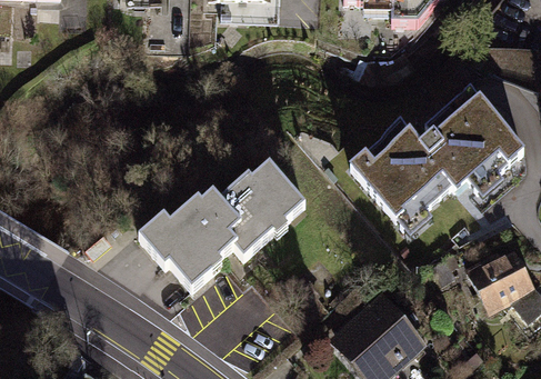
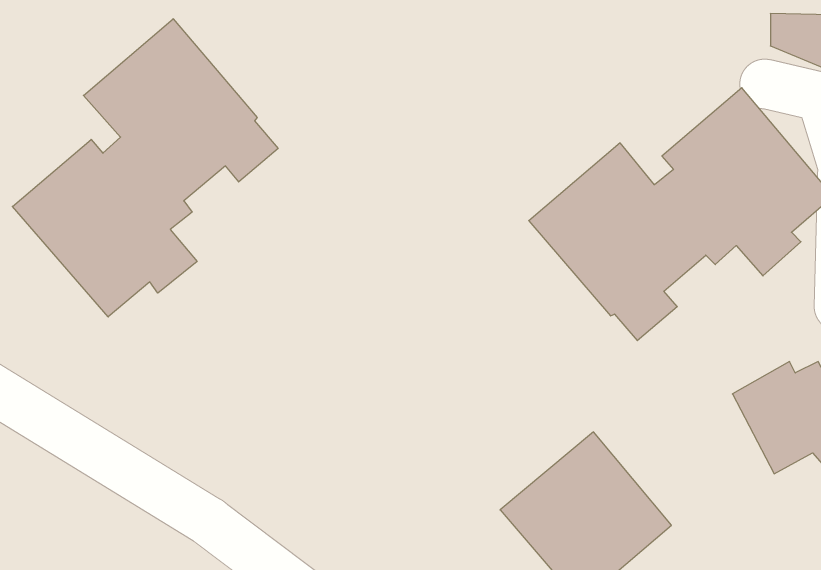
building: none -> [12,19,278,317]
building: [141,159,308,288] -> none

